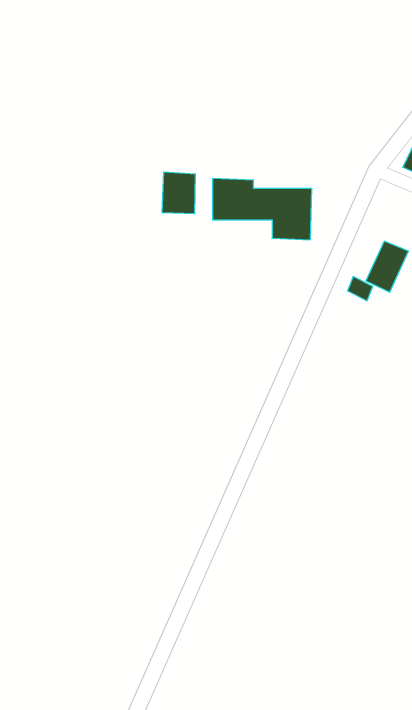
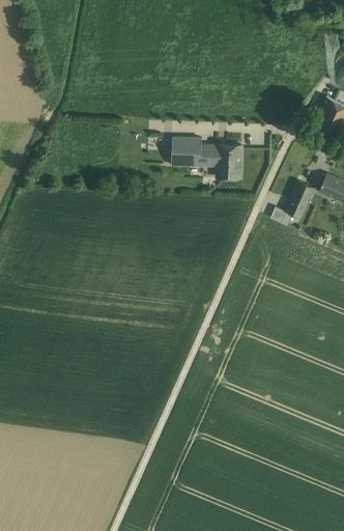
building: [162,172,195,214] -> none

